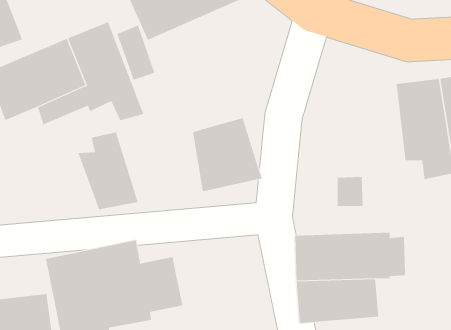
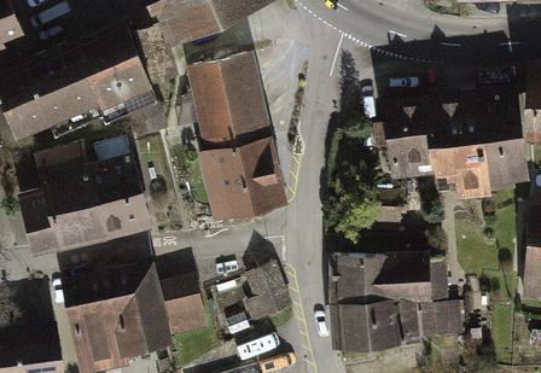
building: none -> [193,52,269,145]
building: none -> [390,93,443,174]
building: none -> [28,140,112,246]
building: none -> [243,266,292,322]
building: none -> [418,304,461,340]

